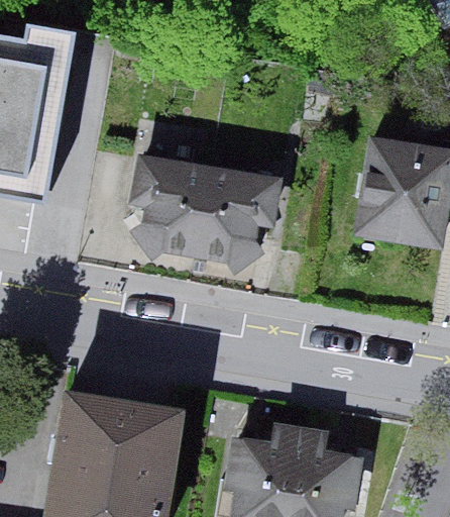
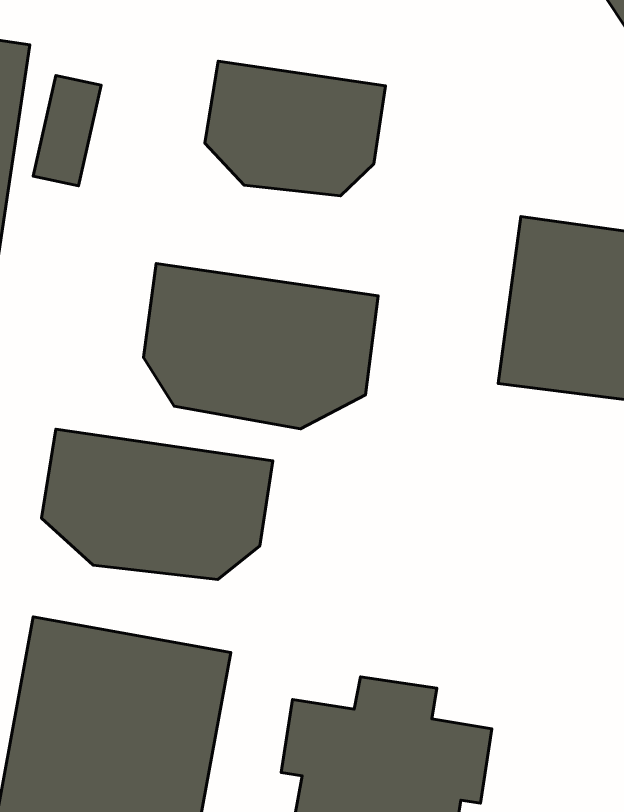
building: none -> [205,61,386,196]
building: none -> [41,429,273,579]

